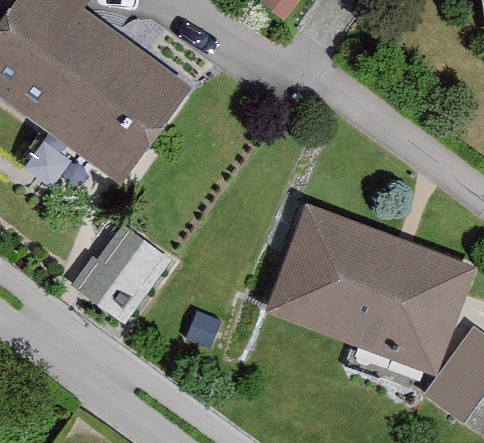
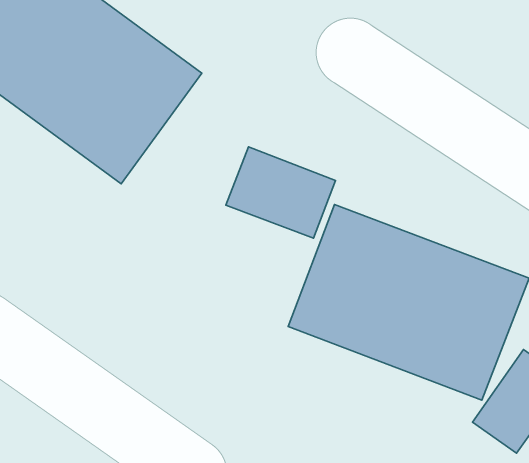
building: none -> [226,147,336,238]
building: [82,208,173,307] -> none

